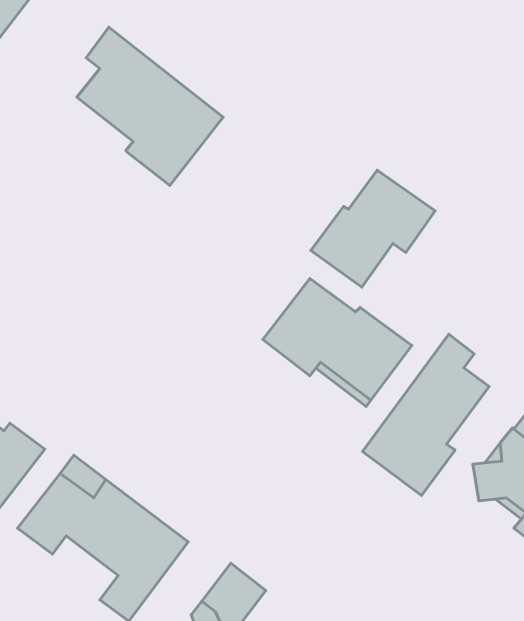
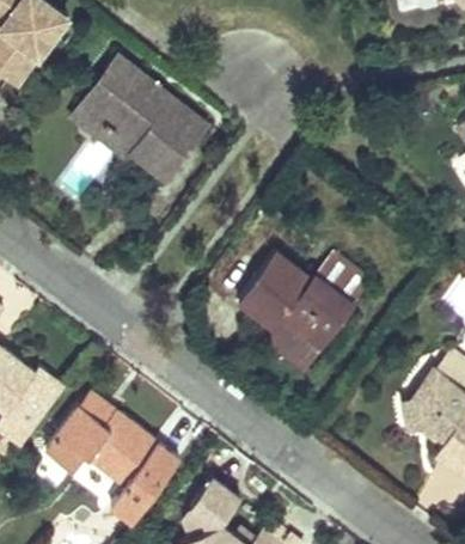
building: none -> [71,80,136,160]
building: [311,170,435,287] -> none
building: [362,334,489,496] -> none

